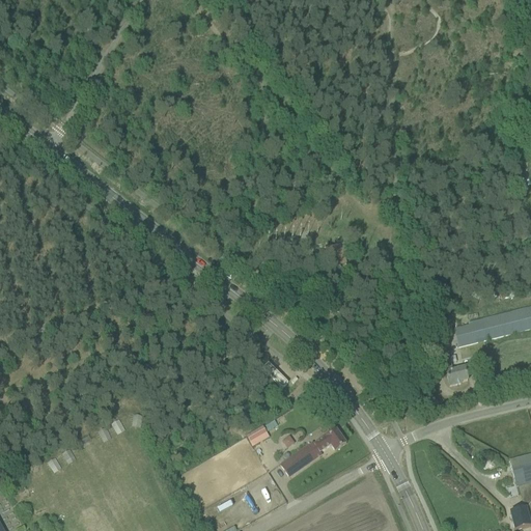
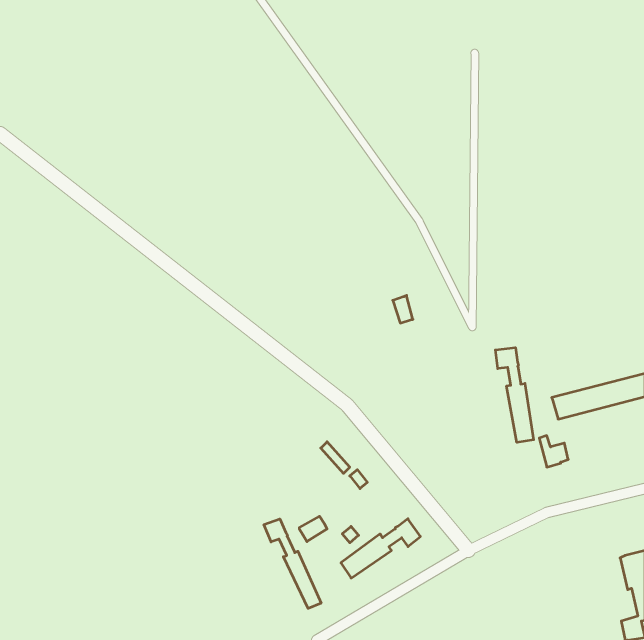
building: none -> [495,348,534,442]
building: none -> [264,519,321,608]

